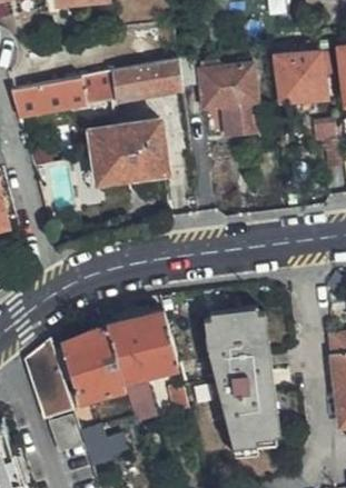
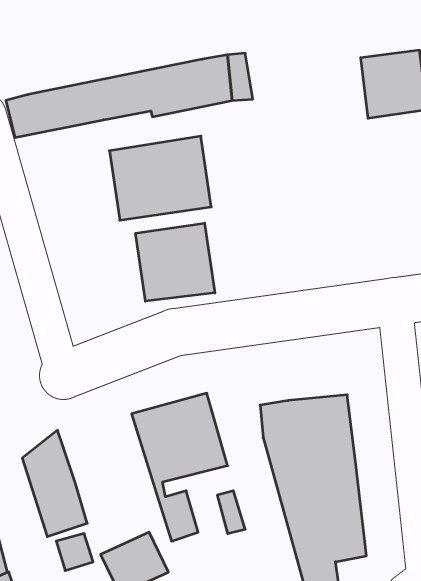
building: [198,50,260,133] -> none
building: none -> [136,223,215,301]
building: [53,327,123,401] -> none

